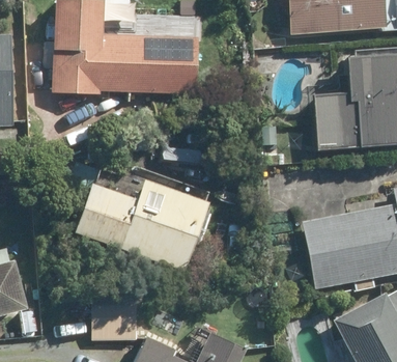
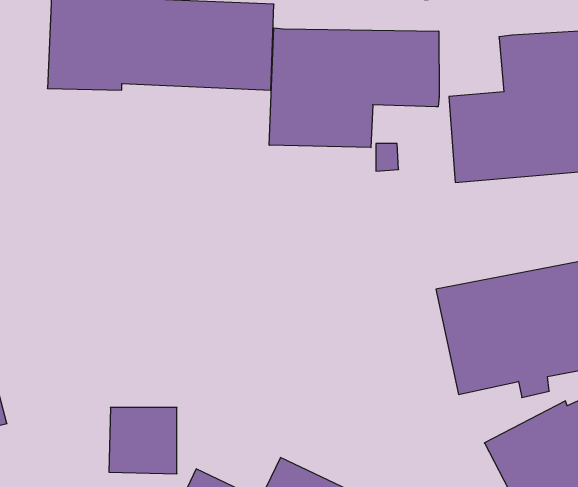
building: none -> [269,28,439,148]
building: [77,177,211,271] -> none

